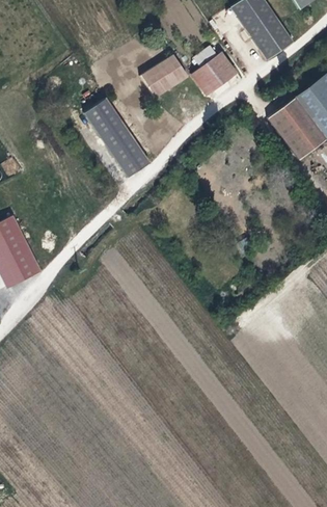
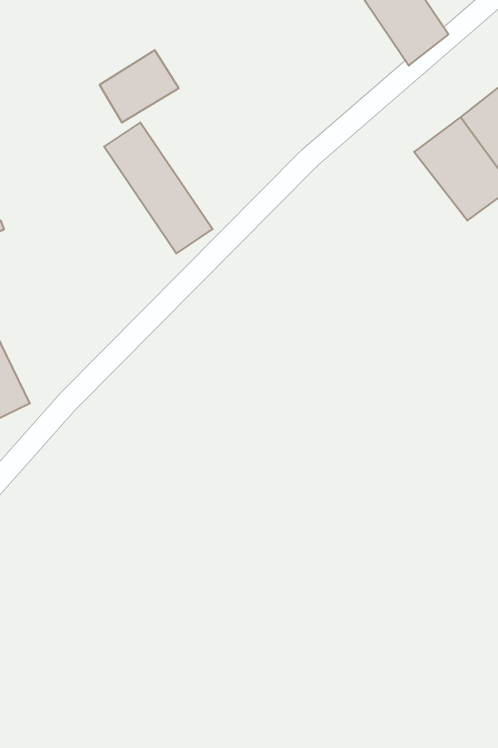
building: [190,55,235,99] -> none
building: [138,57,186,101] -> [100,50,179,123]

